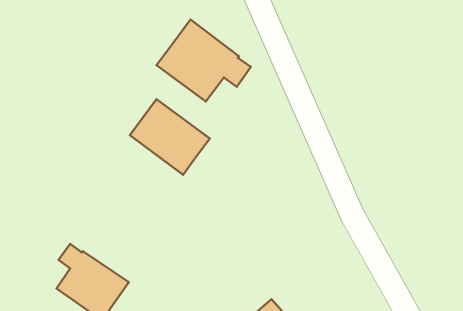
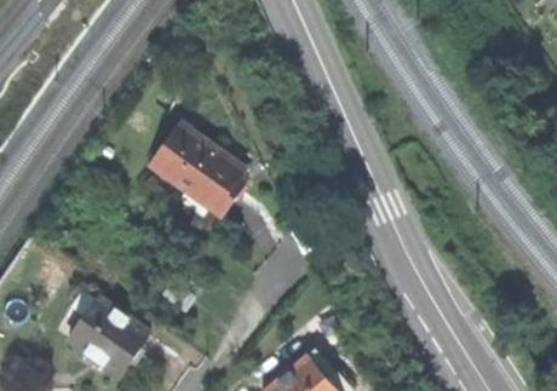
building: [157,19,251,102] -> none

